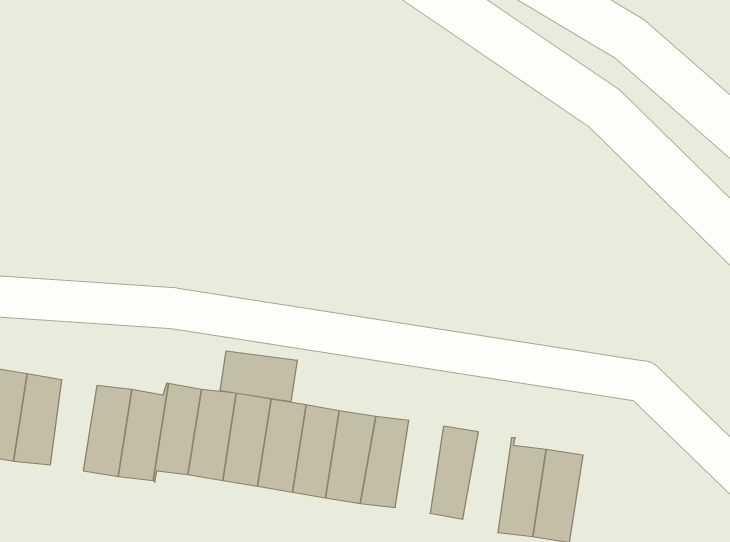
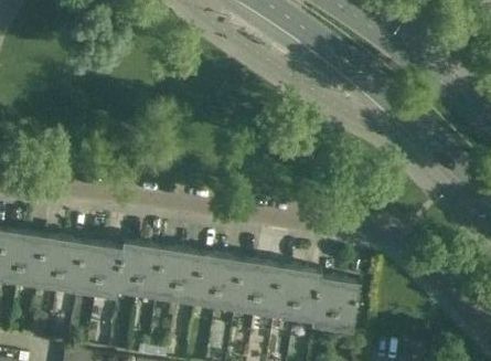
building: [220,351,297,402] -> none
building: none -> [57,240,84,291]
building: none -> [254,263,281,316]
building: none -> [292,269,320,327]

